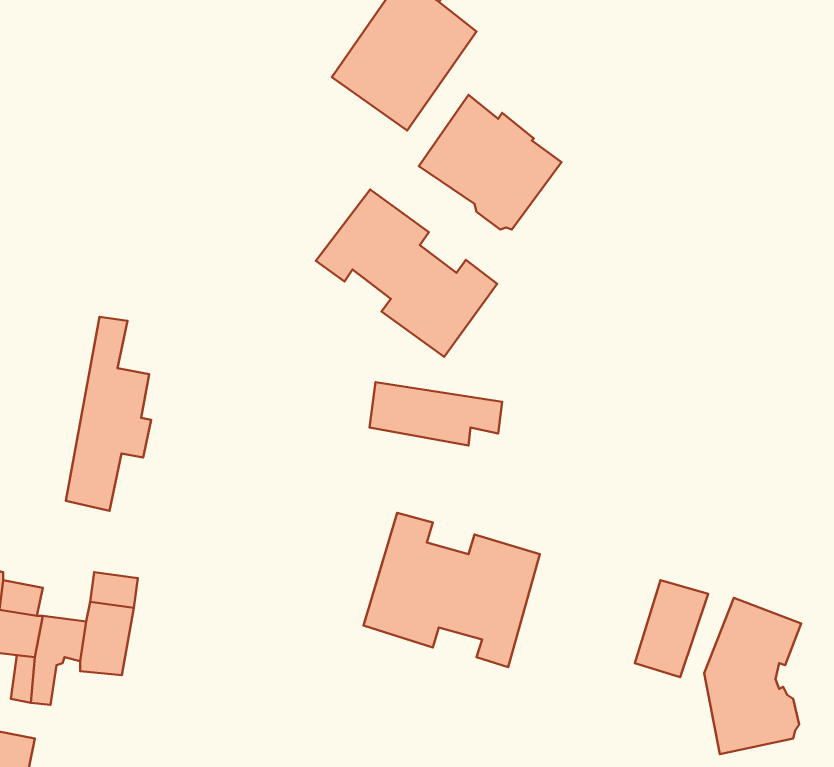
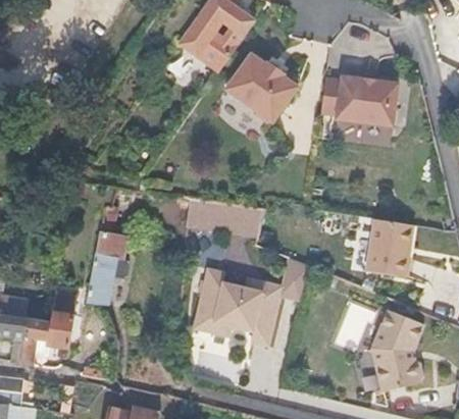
building: none -> [319,76,398,125]
building: [316,189,497,357] -> none
building: [66,317,151,511] -> [89,207,133,307]
building: none -> [366,216,412,277]

